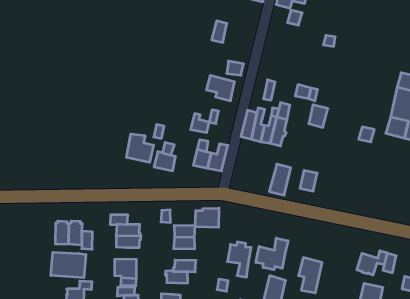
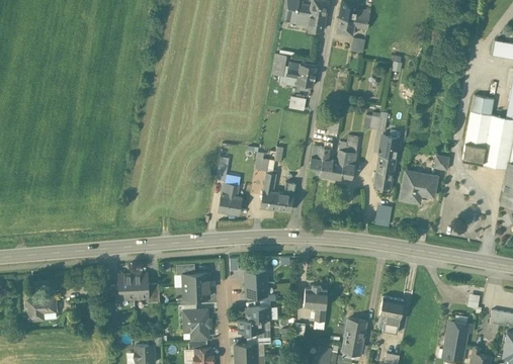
building: [206,76,235,101] -> [286,62,316,87]
building: [127,134,154,162] -> none
building: none -> [401,172,436,203]
building: [269,164,291,195] -> [373,156,395,188]
building: [195,208,219,227] -> none
building: [256,238,288,270] -> none
building: [357,251,387,275] -> none
building: [51,252,86,278] -> none

